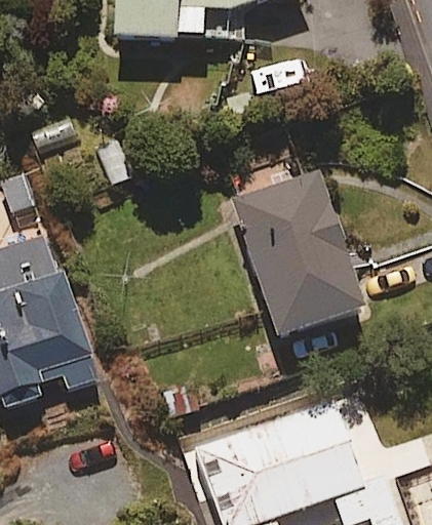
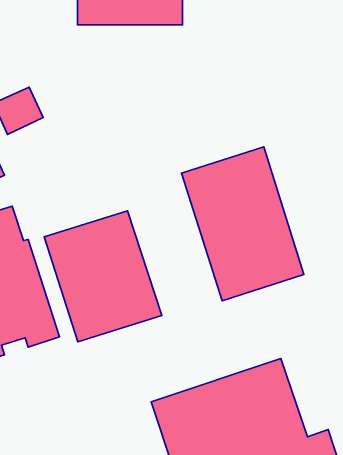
building: none -> [44,211,162,342]

